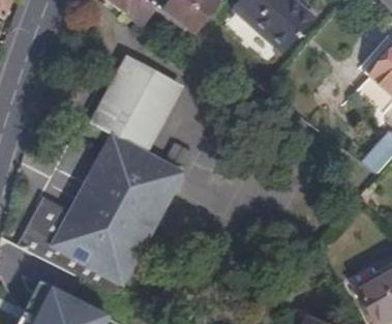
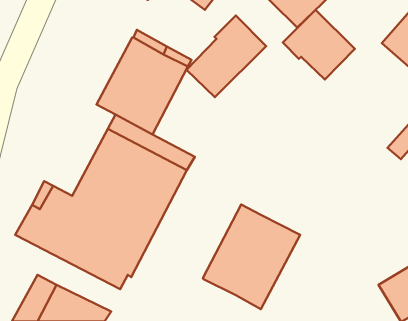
building: none -> [283,10,355,80]
building: none -> [186,16,266,97]
building: none -> [203,205,300,309]

